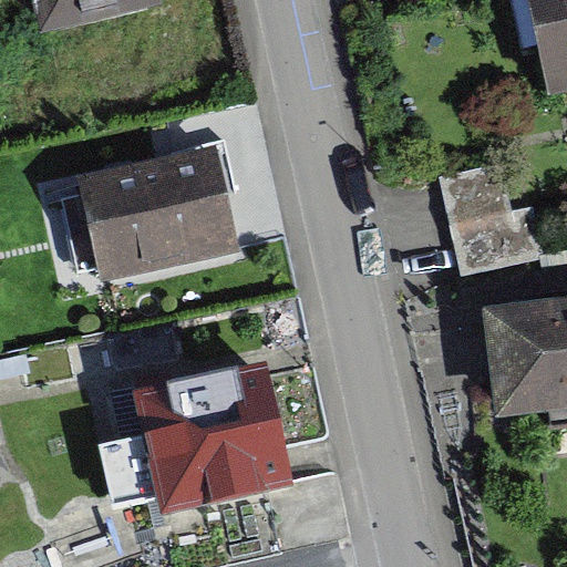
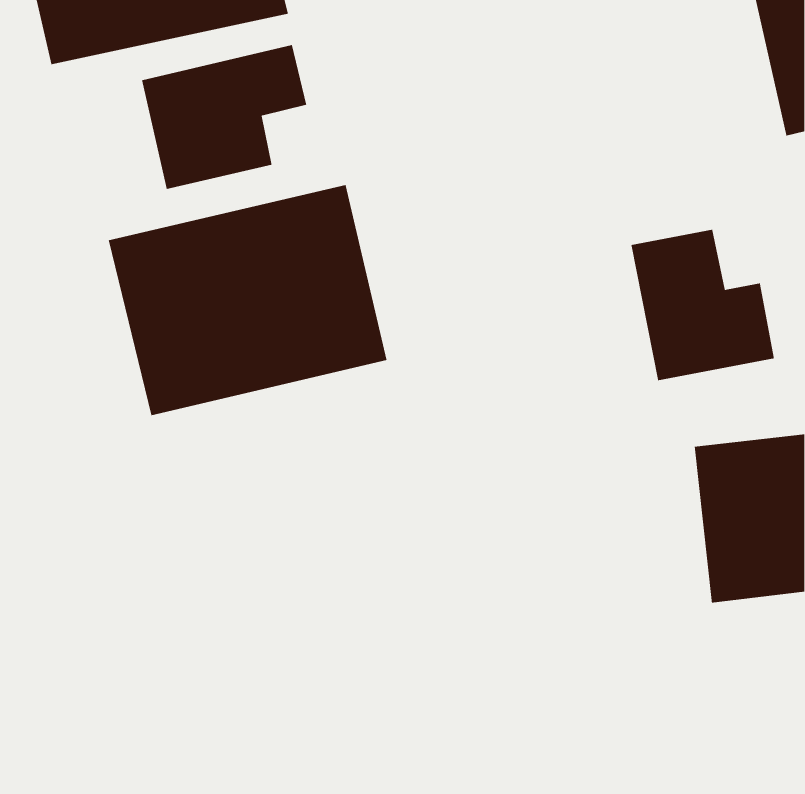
building: none -> [141,44,307,190]
building: [96,361,291,509] -> none

